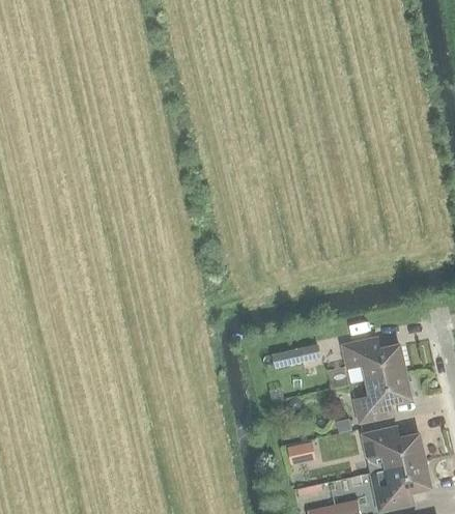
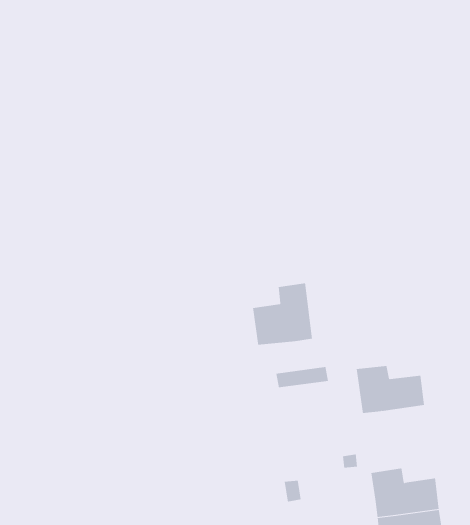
building: none -> [253,283,312,346]
building: [353,371,414,422] -> none

